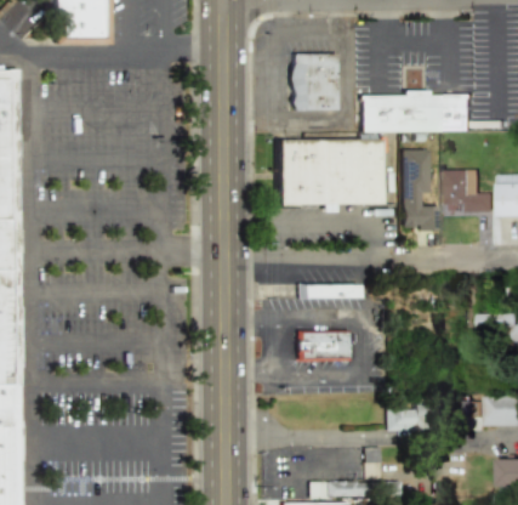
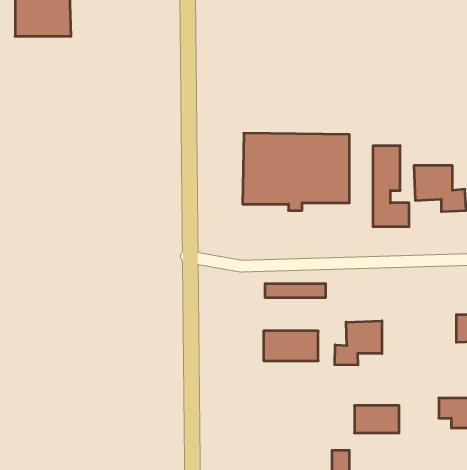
building: [292,53,341,112] -> none
building: [363,92,476,134] -> none
building: none -> [335,321,382,365]

